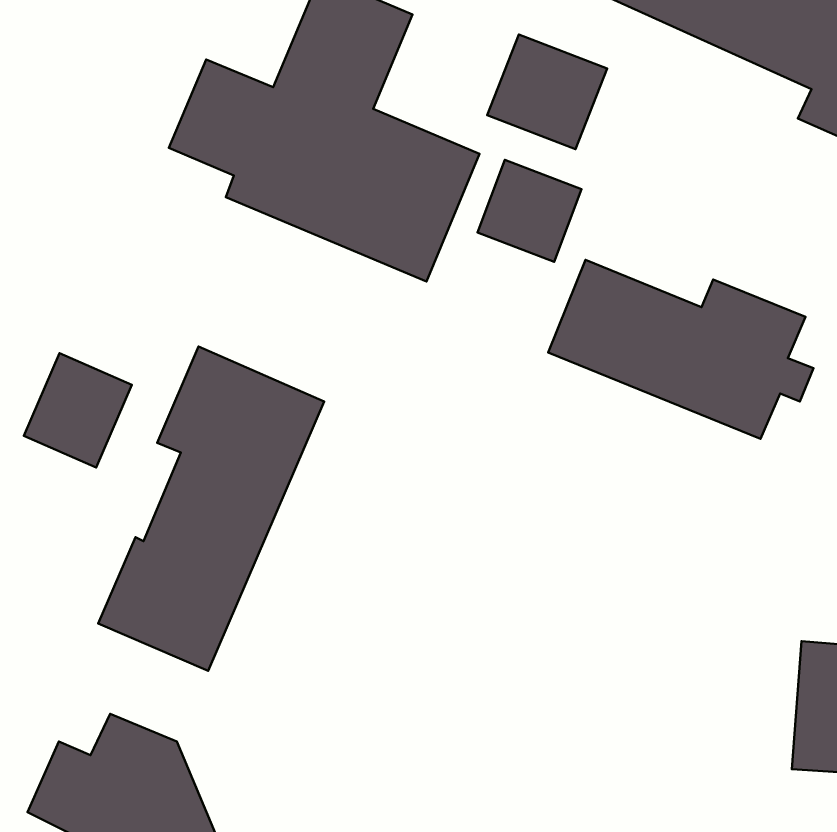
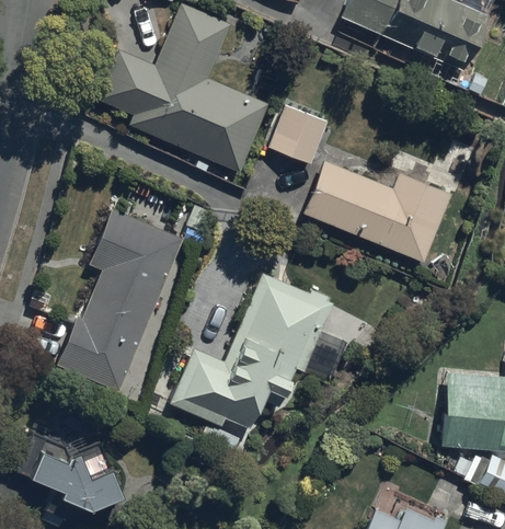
building: [487,34,607,149] -> none
building: [24,353,132,468] -> none
building: none -> [168,279,331,433]

